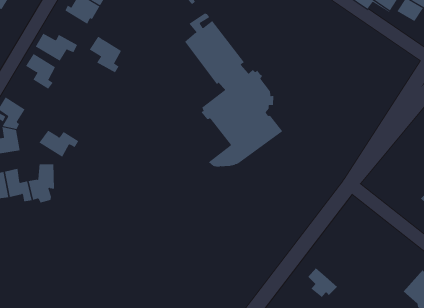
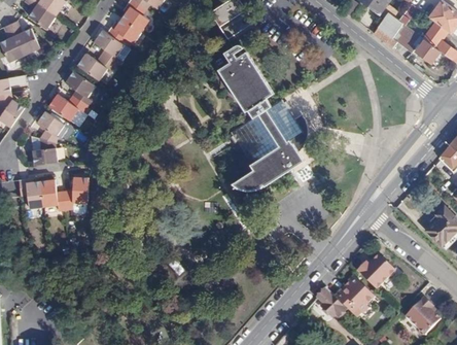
building: [89,36,122,73] -> [92,30,122,66]
building: [39,130,79,157] -> [47,94,85,120]
building: none -> [356,252,395,288]
building: none -> [335,275,373,314]

